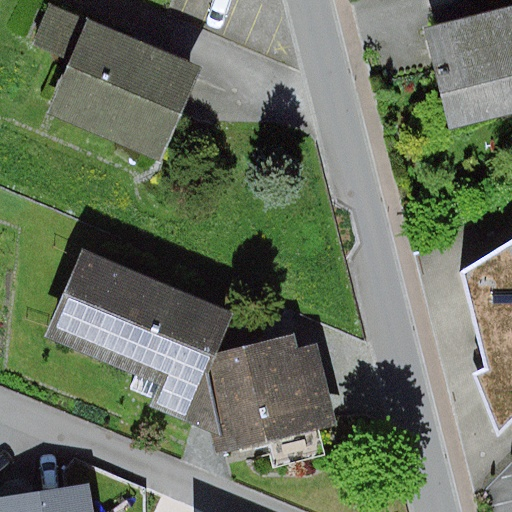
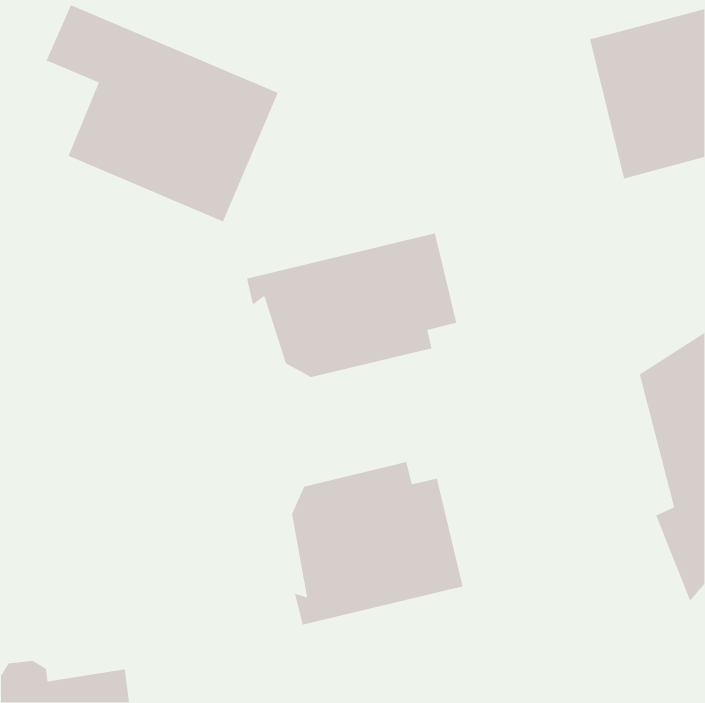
building: none -> [246,232,457,378]
building: [49,251,236,432] -> none

